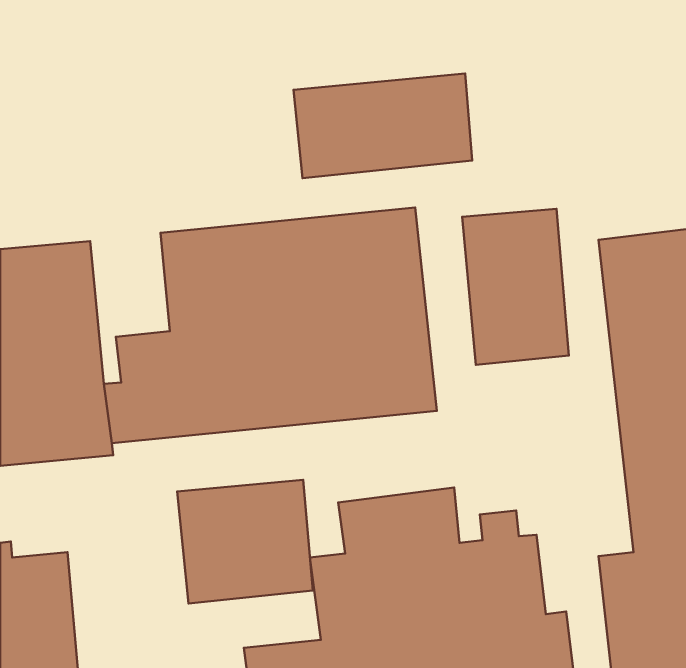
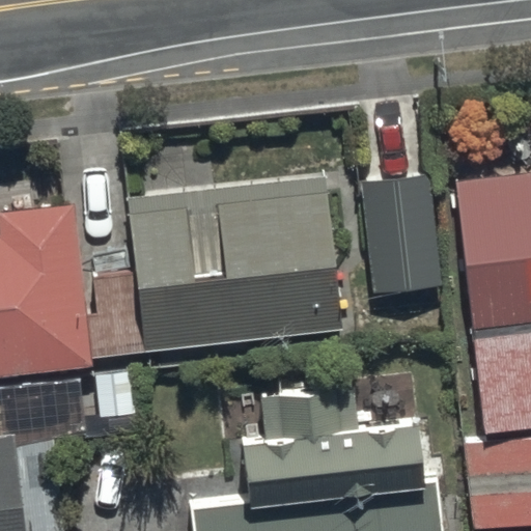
building: [294,73,472,178] -> none
building: [177,480,313,604] -> none

